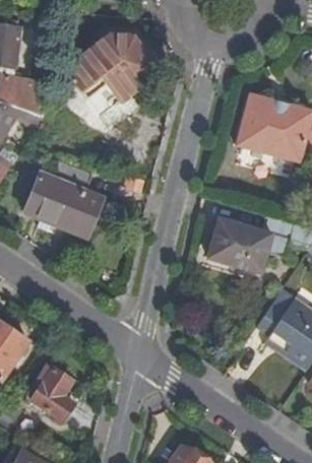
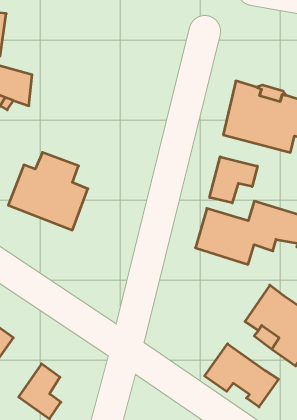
building: [67,34,158,108] -> none
building: none -> [210,157,257,203]
building: none -> [205,344,278,407]

